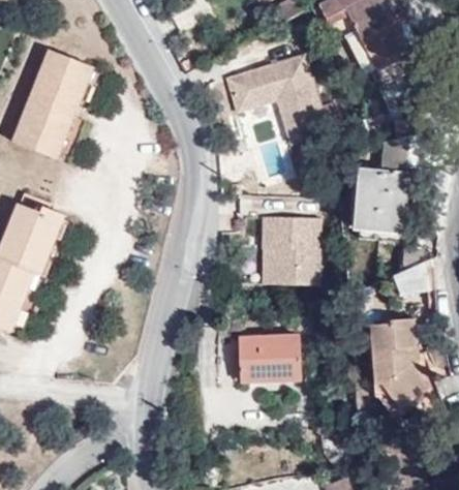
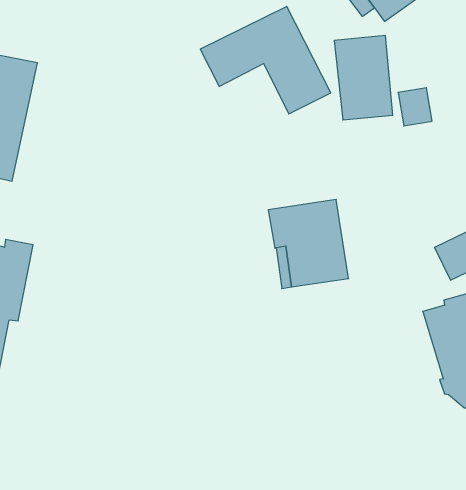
building: [357,169,403,238] -> [334,35,393,120]
building: [237,334,299,379] -> none

